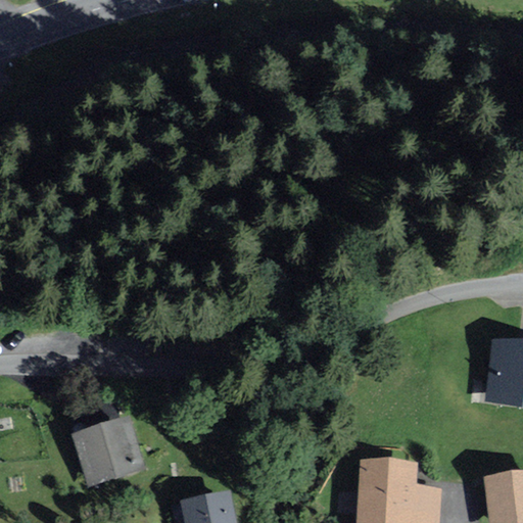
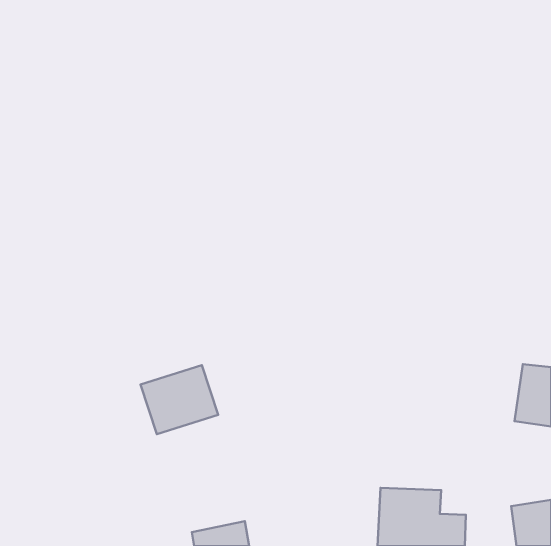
building: [73,420,146,485] -> [141,365,218,434]

